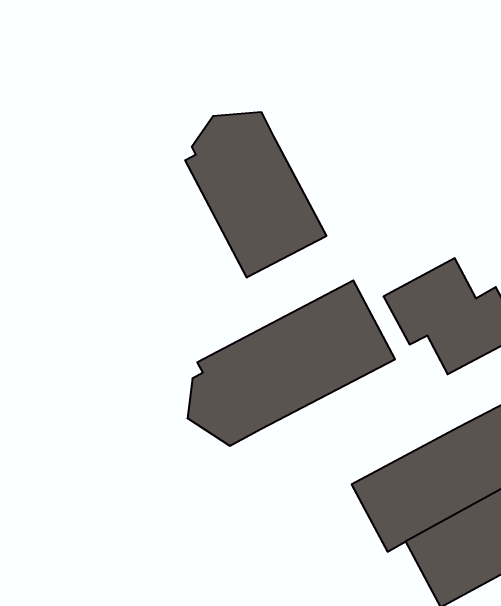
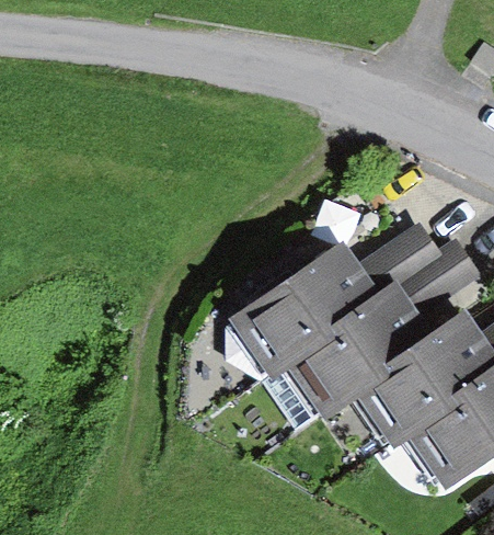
building: [185,112,326,278] -> none
building: none -> [283,287,440,430]

